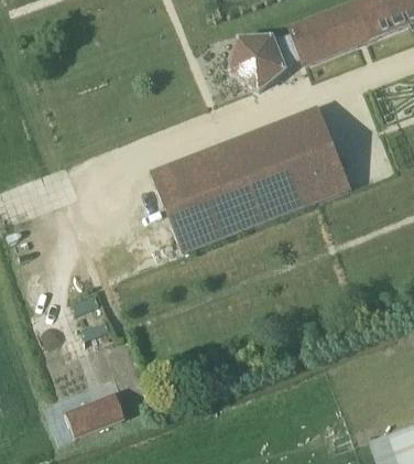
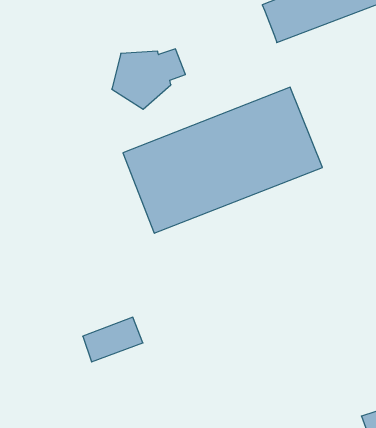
building: [229,32,302,91] -> [112,49,185,109]
building: [64,393,123,438] -> [83,317,143,362]

